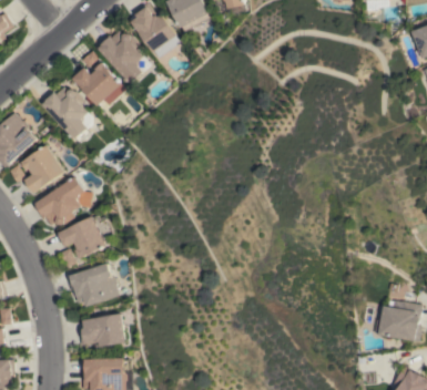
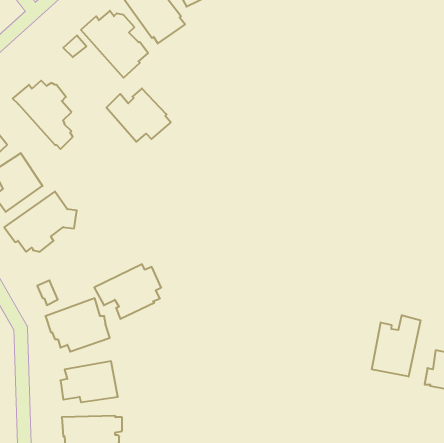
building: [73,63,125,106] -> [106,88,171,142]
building: [58,215,112,259] -> [94,264,161,319]
building: none -> [372,315,421,377]

